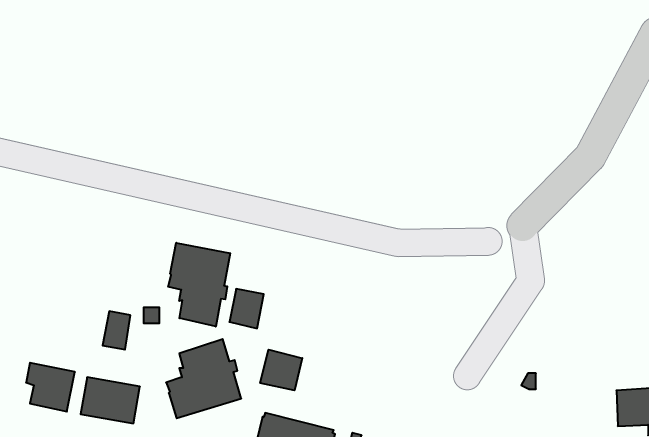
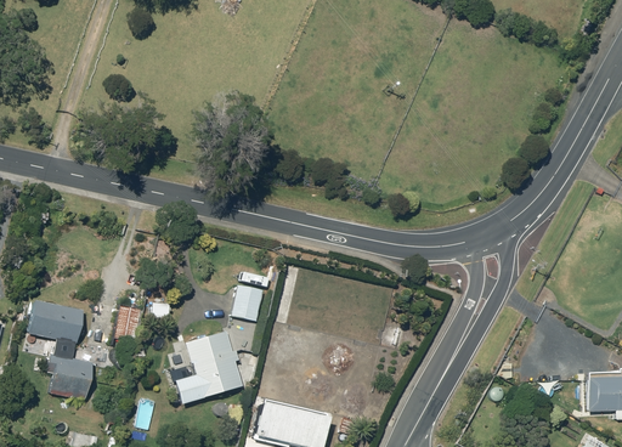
building: [168,243,230,327] -> none
building: [260,350,302,390] -> none
building: [81,377,140,423] -> [28,300,83,343]

